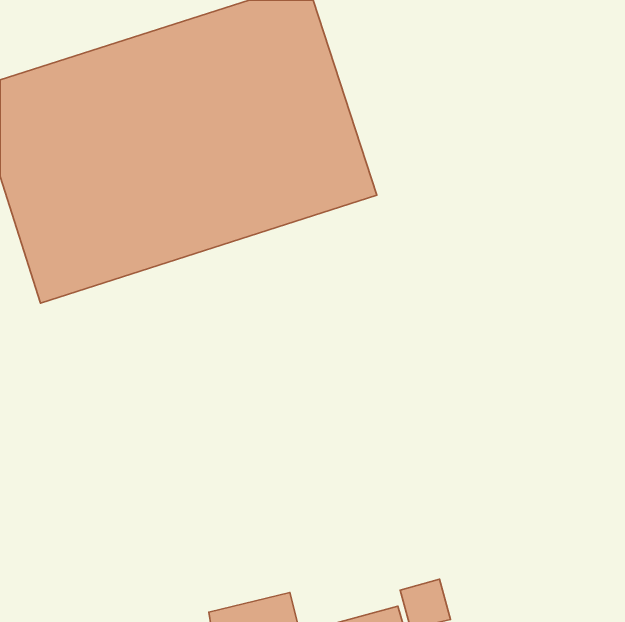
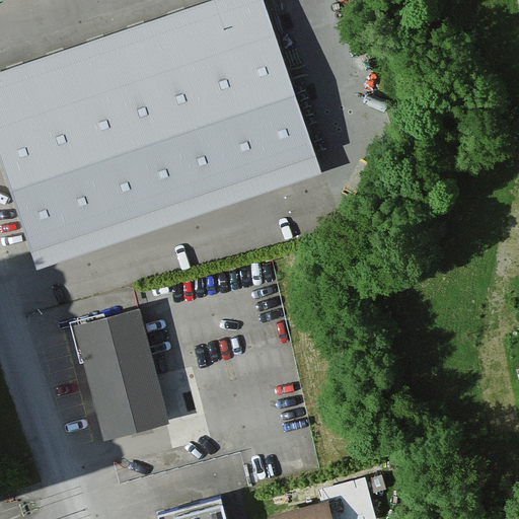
building: none -> [76,319,170,445]

